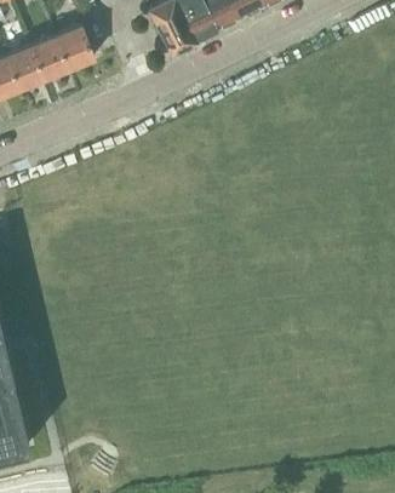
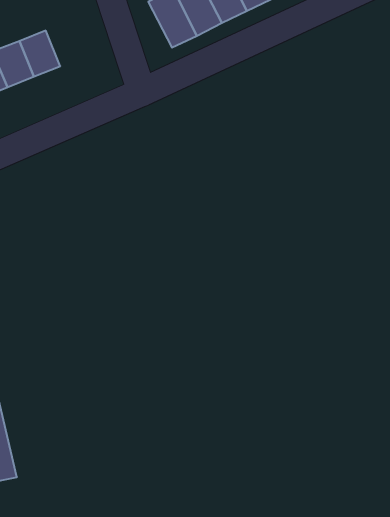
building: [56,24,95,68] -> none

